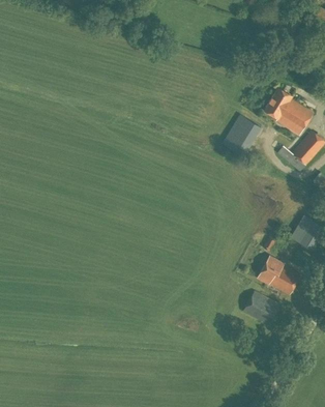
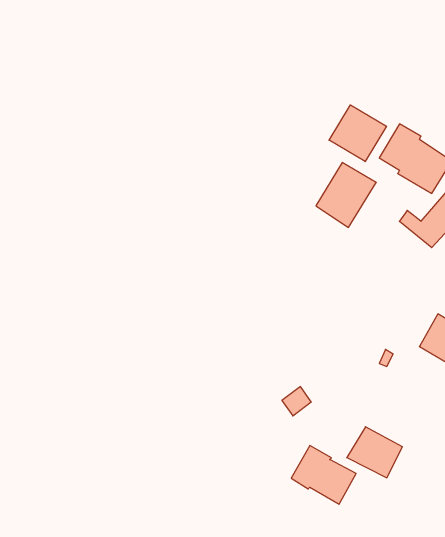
building: none -> [329,105,387,162]
building: [257,256,300,295] -> [291,446,356,504]

